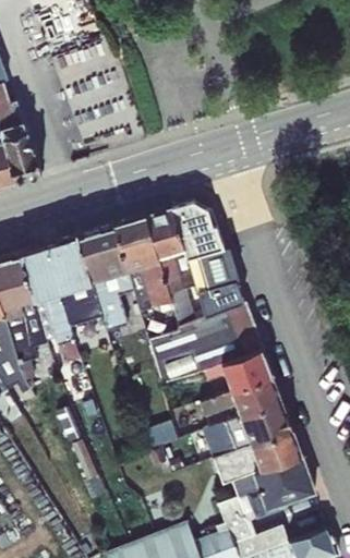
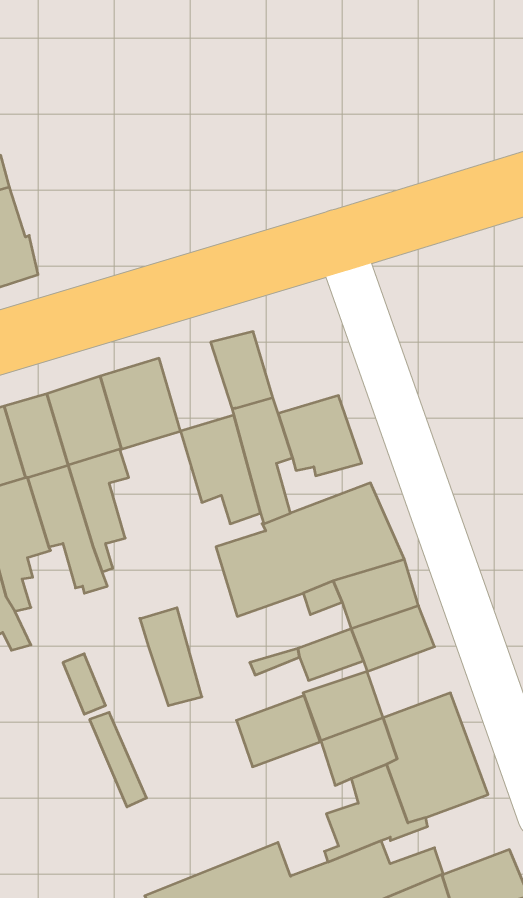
building: [172,202,225,259] -> none
building: [114,216,160,270] -> none
building: [90,275,129,335] -> [140,608,202,706]
building: [242,402,293,446] -> [236,696,320,767]

